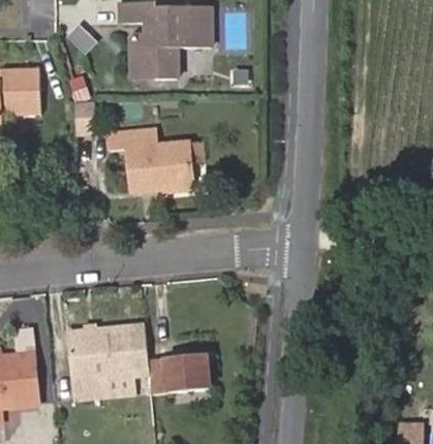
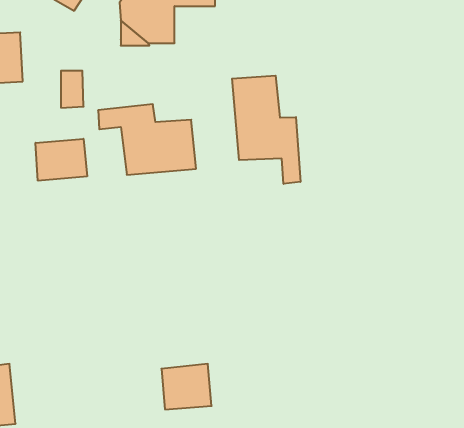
building: none -> [232,76,300,184]
building: none -> [36,139,87,181]
building: [65,327,146,399] -> none

